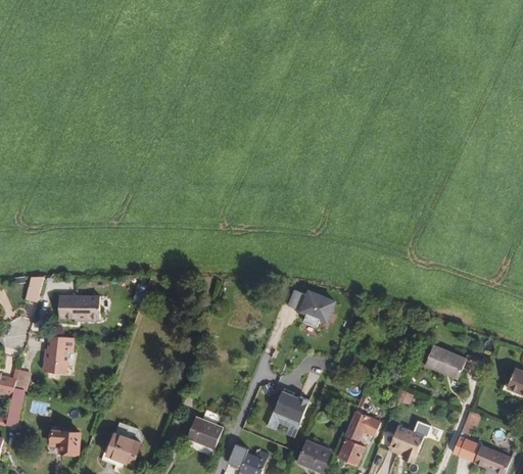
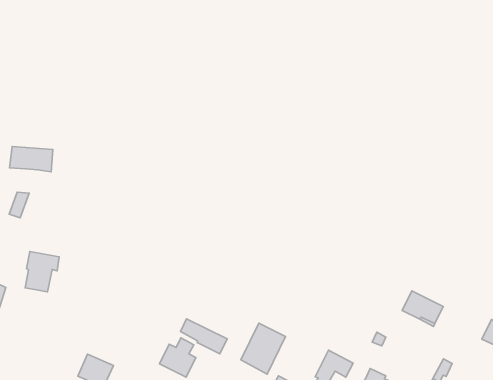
building: [288,288,338,327] -> none
building: [58,296,100,319] -> [9,146,53,172]
building: none -> [180,319,227,354]
building: [50,430,80,454] -> none

